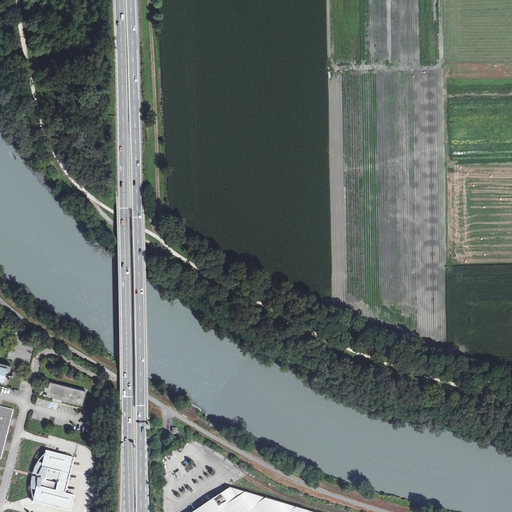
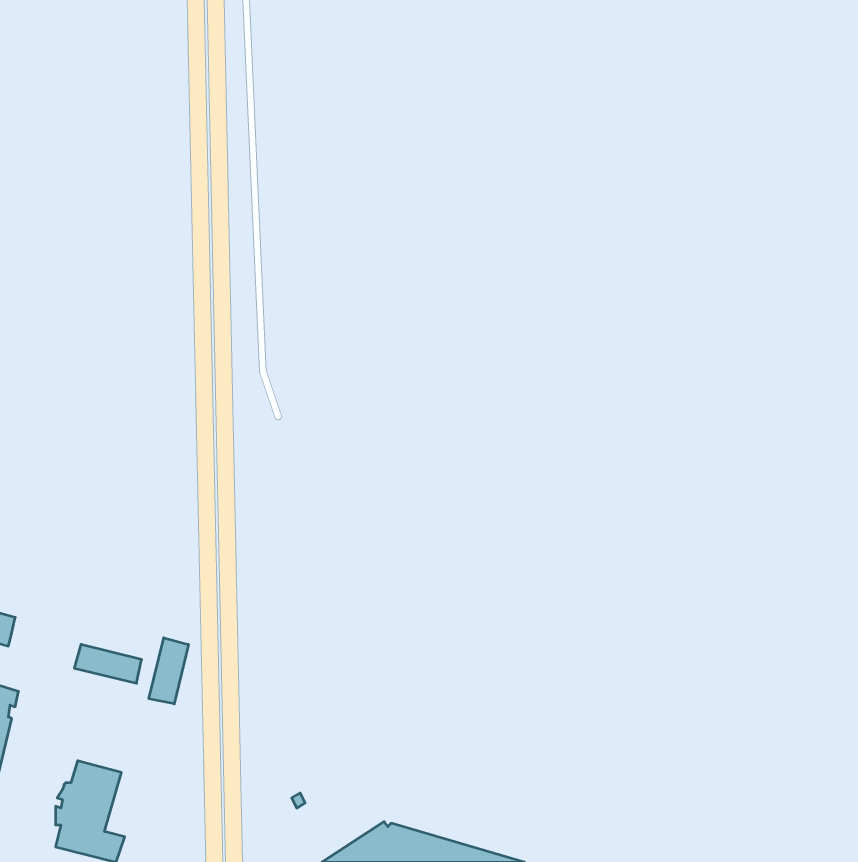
building: none -> [149,638,188,704]

